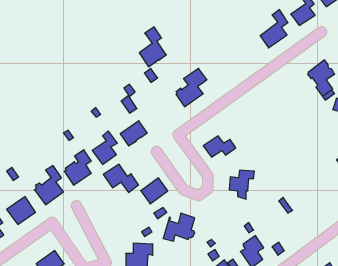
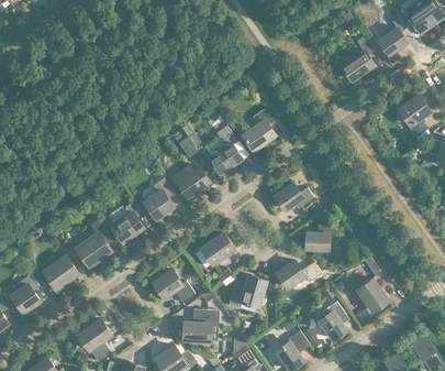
building: [139,27,166,67] -> [209,127,241,174]
building: [103,164,139,192] -> [153,271,194,304]
building: none -> [277,262,321,288]
building: none -> [356,281,387,312]

